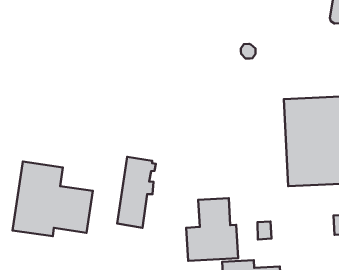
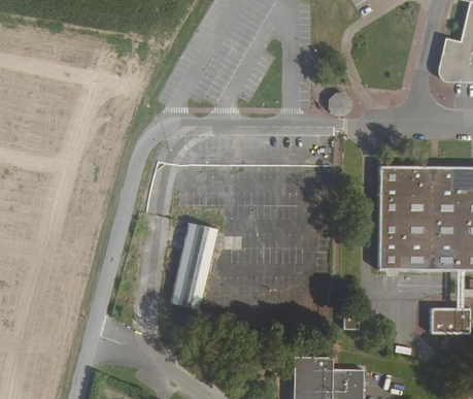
building: [13,161,93,236] -> none
building: [186,198,238,261] -> none

